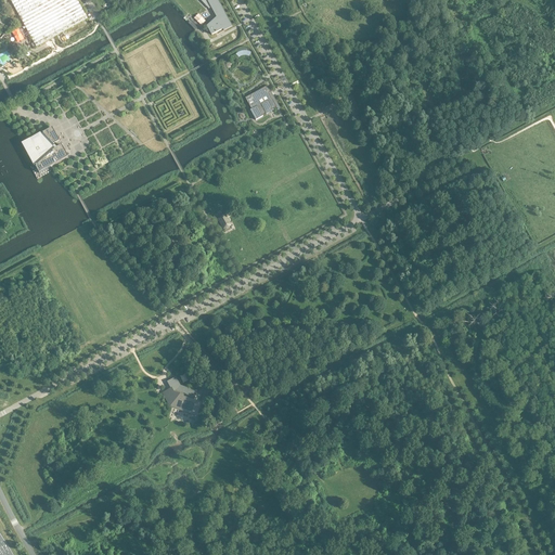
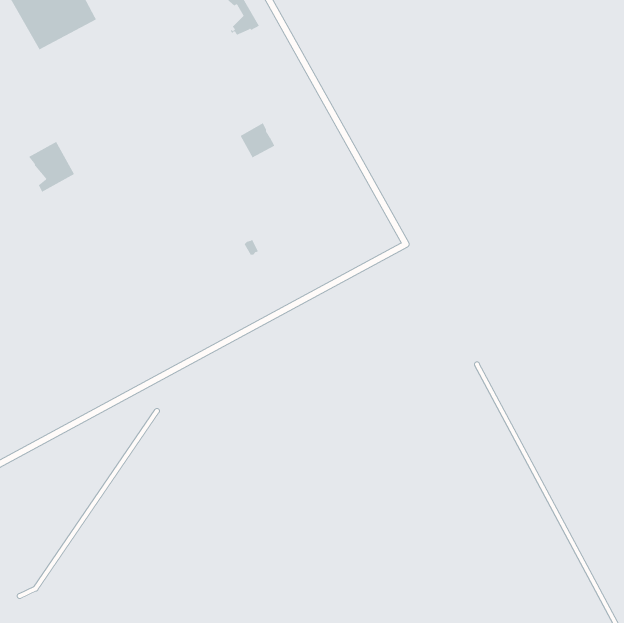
building: [243,83,274,115] -> [240,122,275,158]
building: [162,374,198,411] -> none

